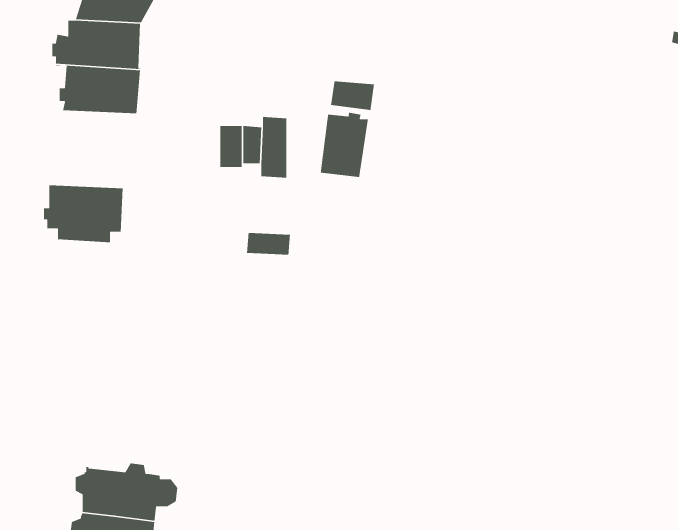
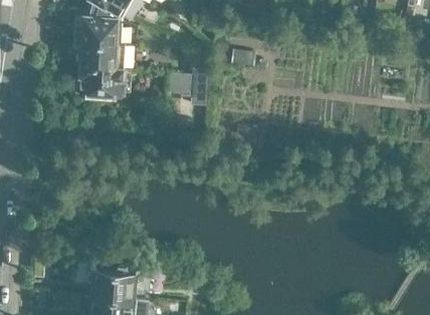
building: [320,105,369,178] -> none
building: [43,184,123,243] -> [77,67,123,100]

